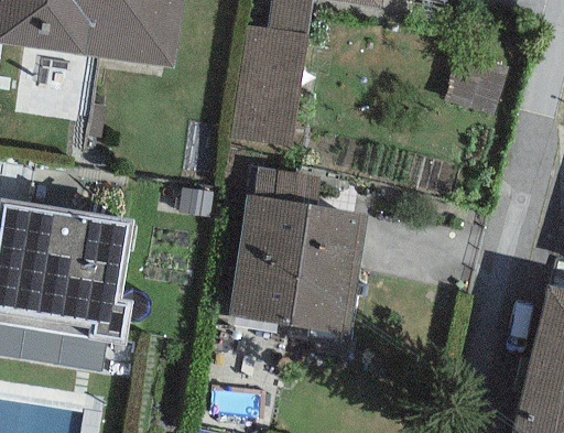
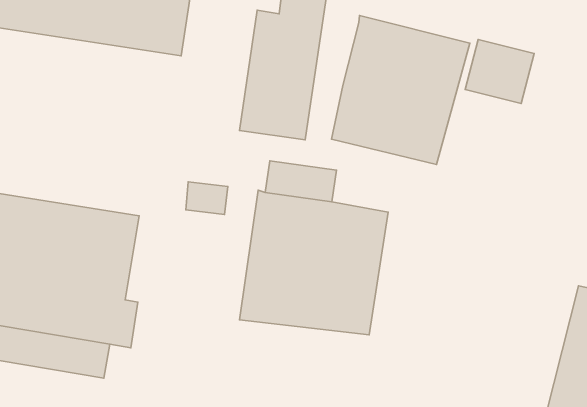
building: none -> [332,16,470,164]

